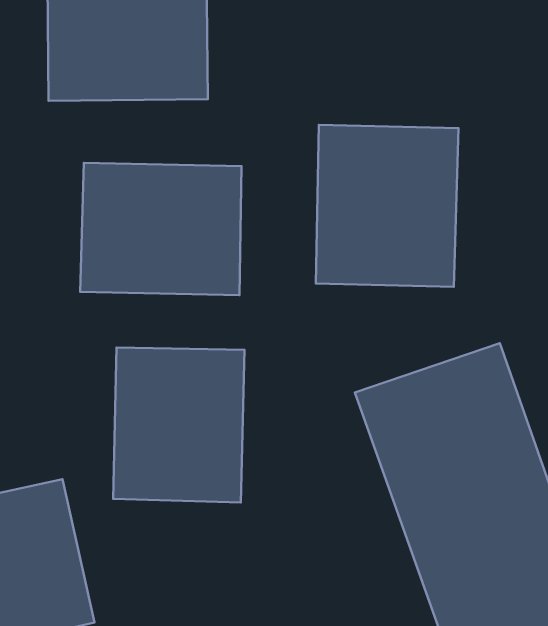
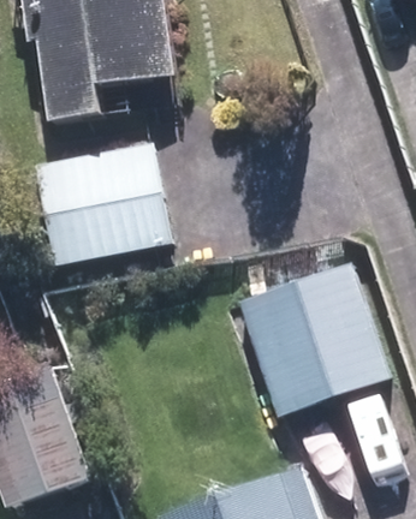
building: [316,125,458,287] -> none
building: [113,347,244,503] -> none

